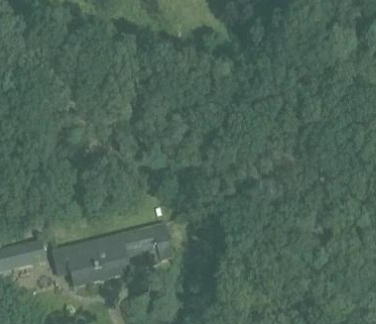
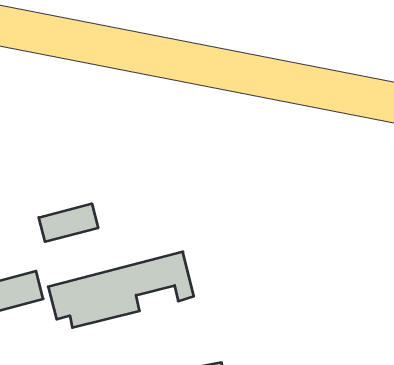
building: none -> [39,204,98,242]

